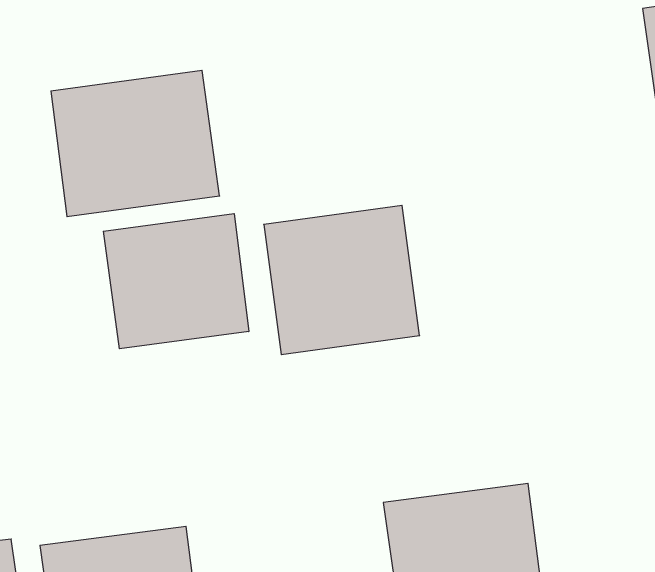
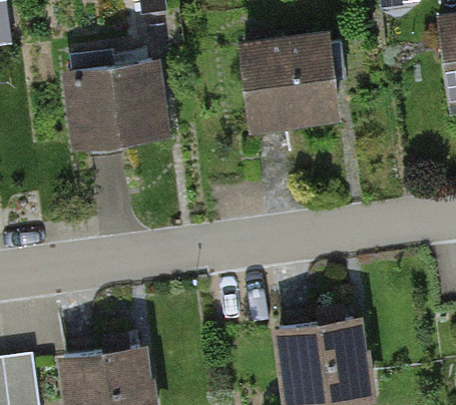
building: [264,205,420,355] -> [240,33,338,127]
building: [103,214,249,349] -> none

